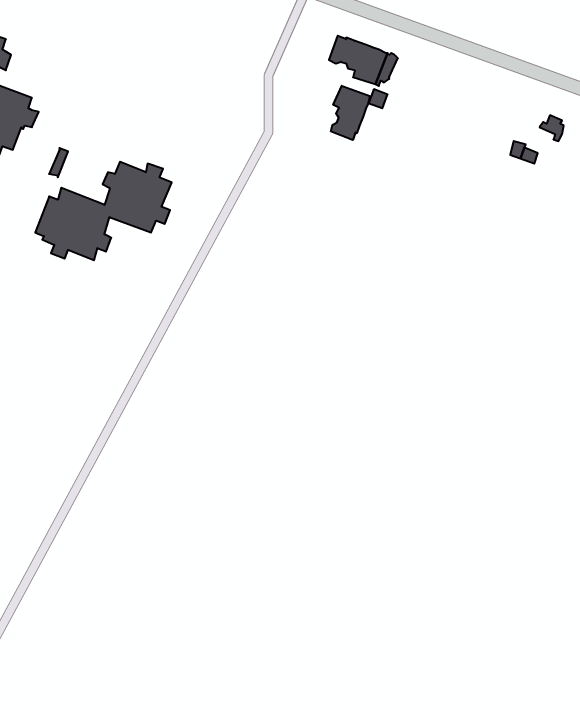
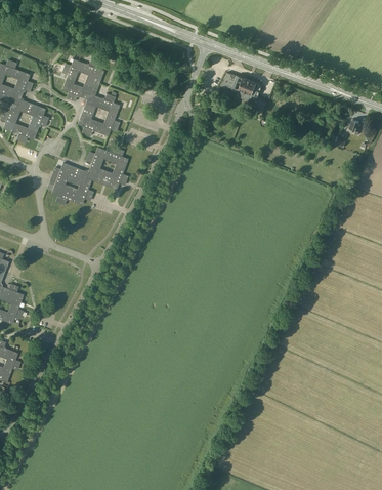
building: none -> [61,58,119,135]
building: [331,86,371,140] -> none

